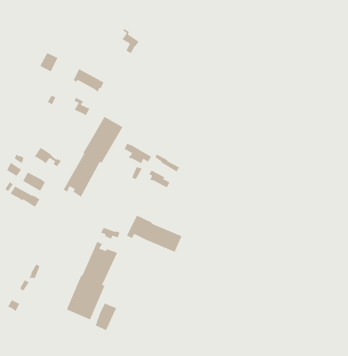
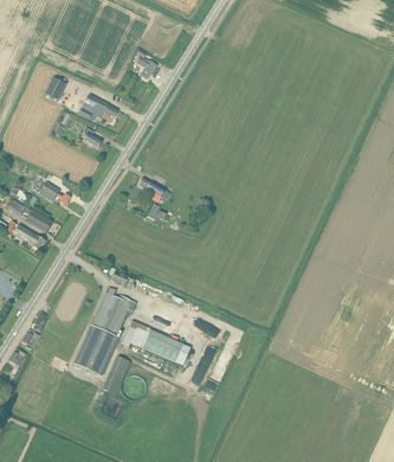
building: [62,116,123,198] -> none
building: [126,215,182,253] -> [121,320,183,362]

